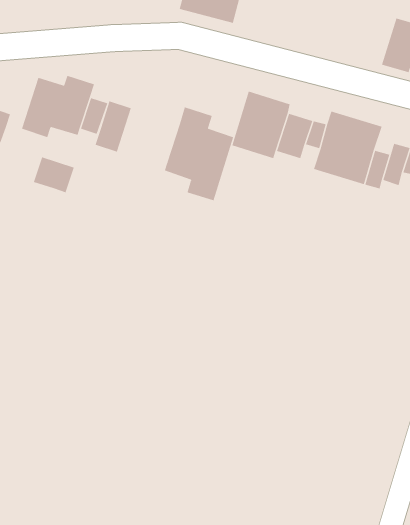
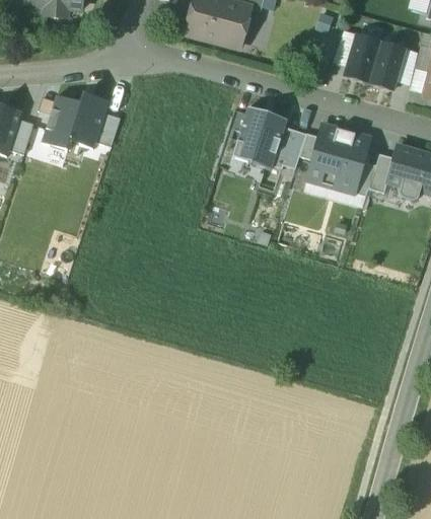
building: none -> [343,32,381,83]
building: [95,101,132,153] -> none
building: [164,107,234,201] -> none
building: [33,156,74,193] -> none

